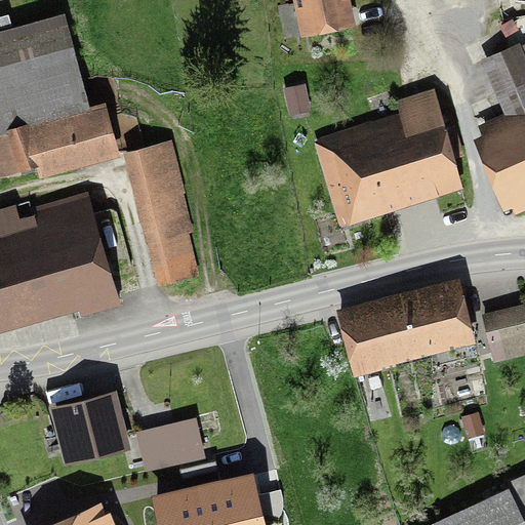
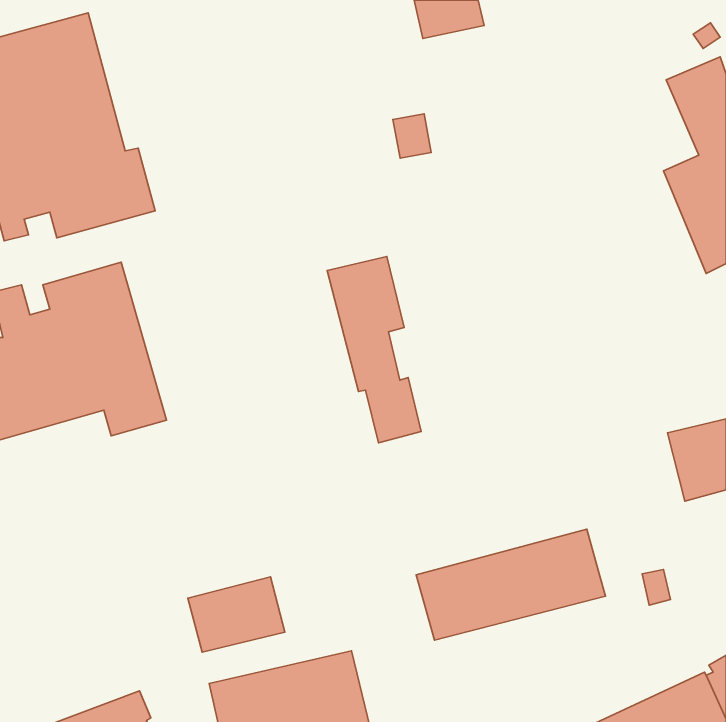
building: [320,93,465,214] -> none
building: [128,147,196,281] -> [327,256,421,443]
building: [337,289,474,369] -> [416,529,605,640]
building: [54,396,123,460] -> none

